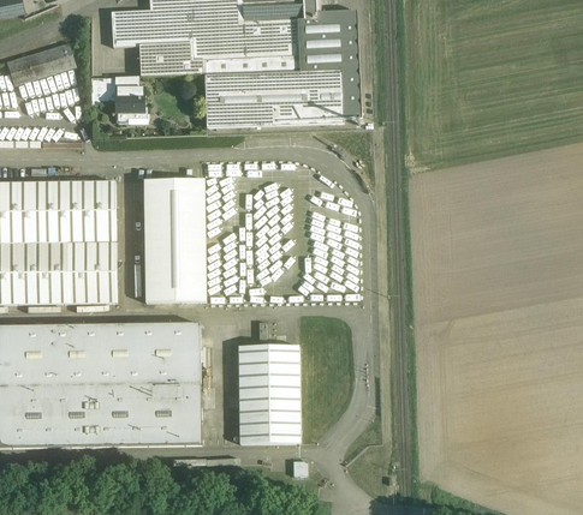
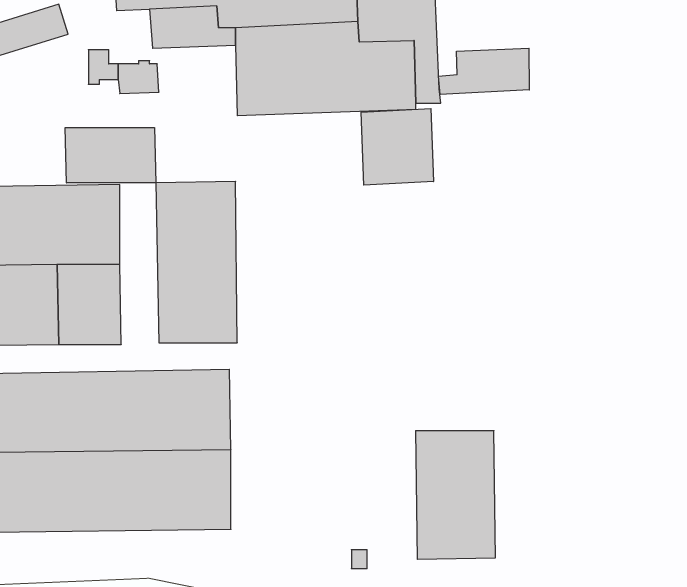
building: none -> [439,48,529,94]
building: none -> [361,109,433,185]
building: none -> [65,128,156,183]
building: [238,345,299,443] -> [416,431,495,559]

